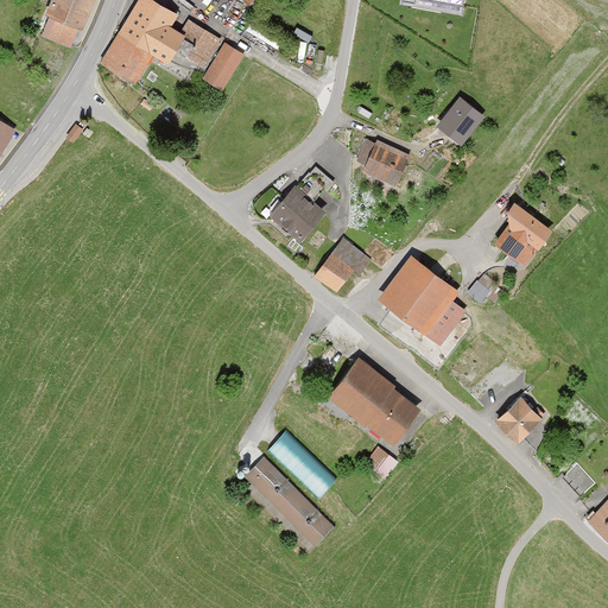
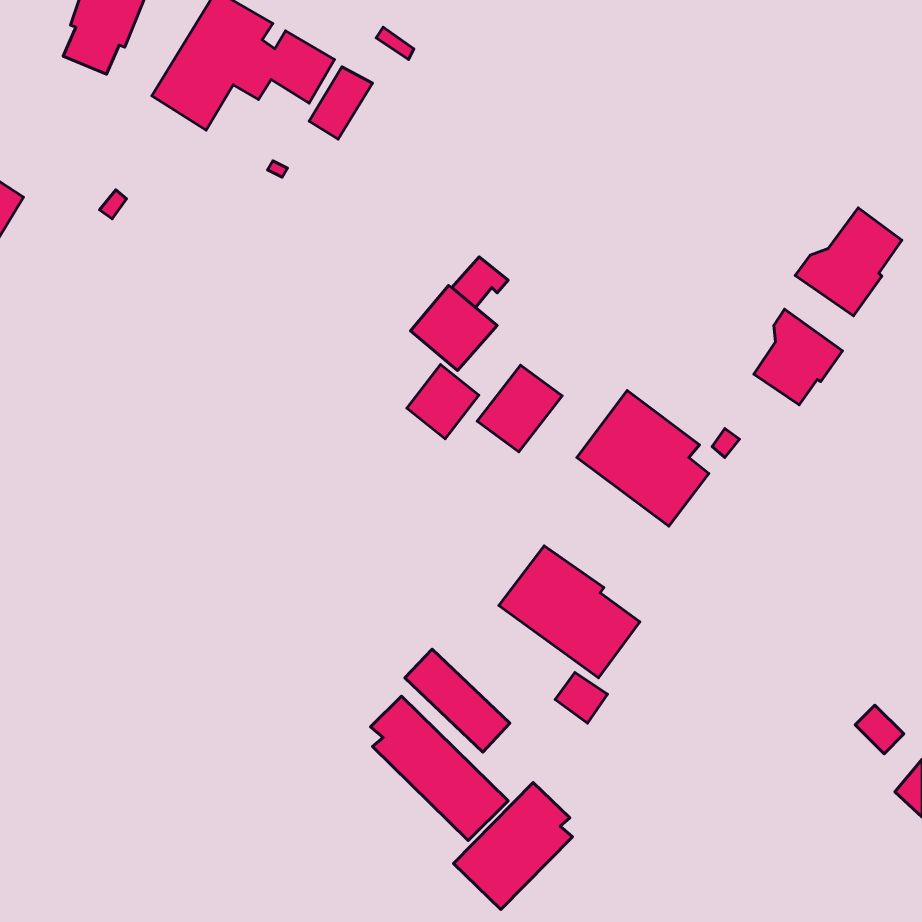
building: [437,99,483,146] -> none
building: none -> [795,208,902,316]
building: [363,142,410,189] -> none
building: none -> [407,364,479,439]
building: [495,397,543,444] -> none
building: none -> [454,782,573,909]

